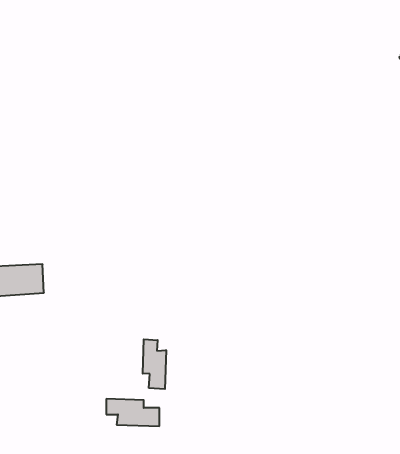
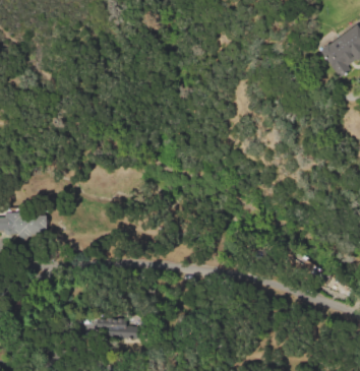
building: [143,339,166,389] -> none

